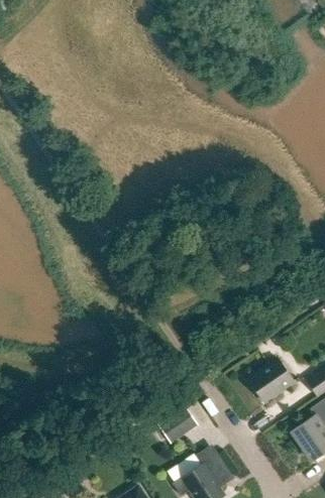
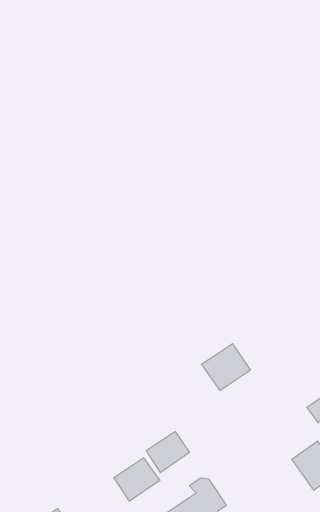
building: [248,358,294,401] -> [201,344,250,391]
building: none -> [114,458,160,501]

